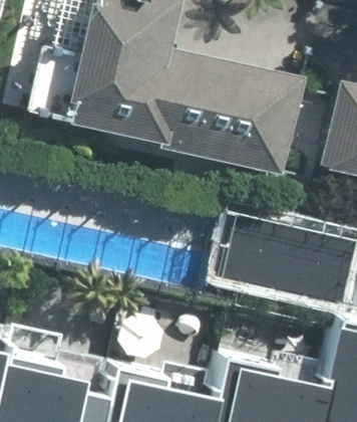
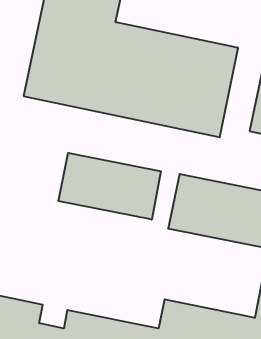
building: none -> [58,153,161,220]

